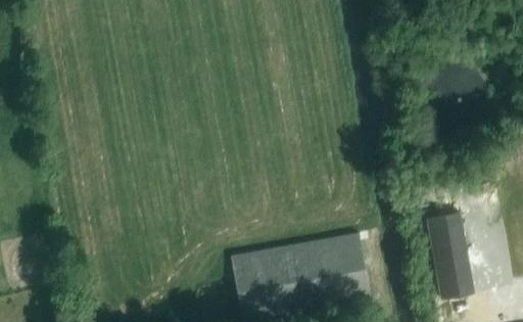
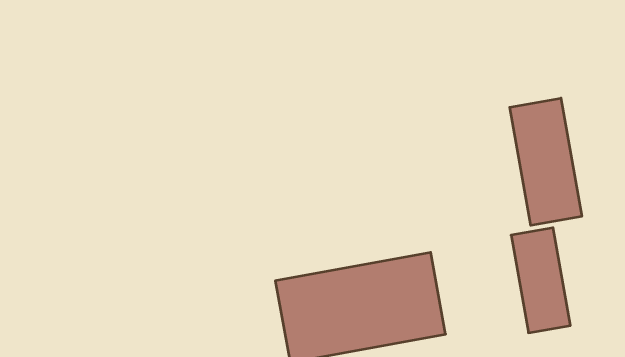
building: none -> [510,98,582,225]

